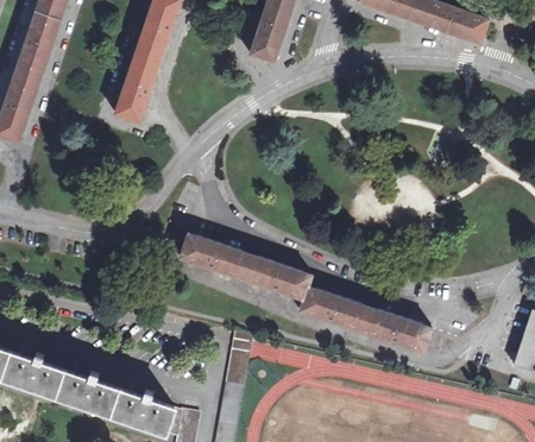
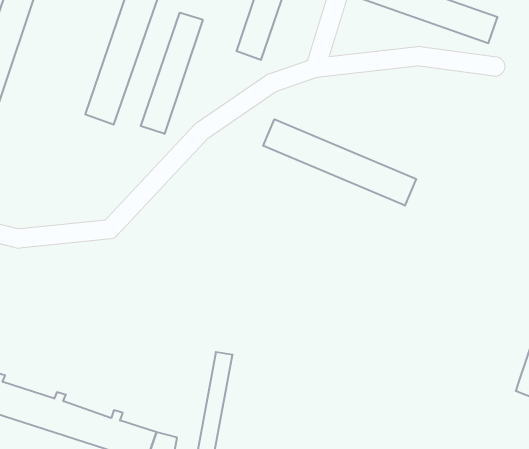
building: none -> [141,13,203,134]
building: none -> [263,119,416,206]
building: [180,235,430,351] -> none

